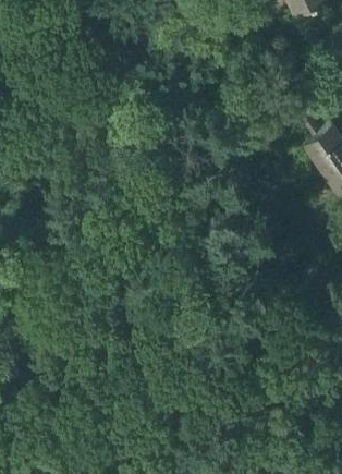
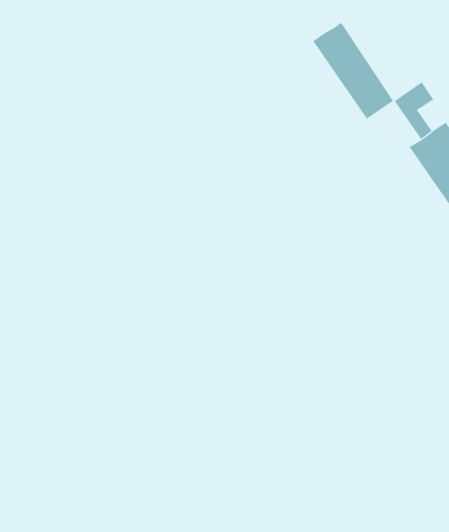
building: none -> [312,22,394,120]

